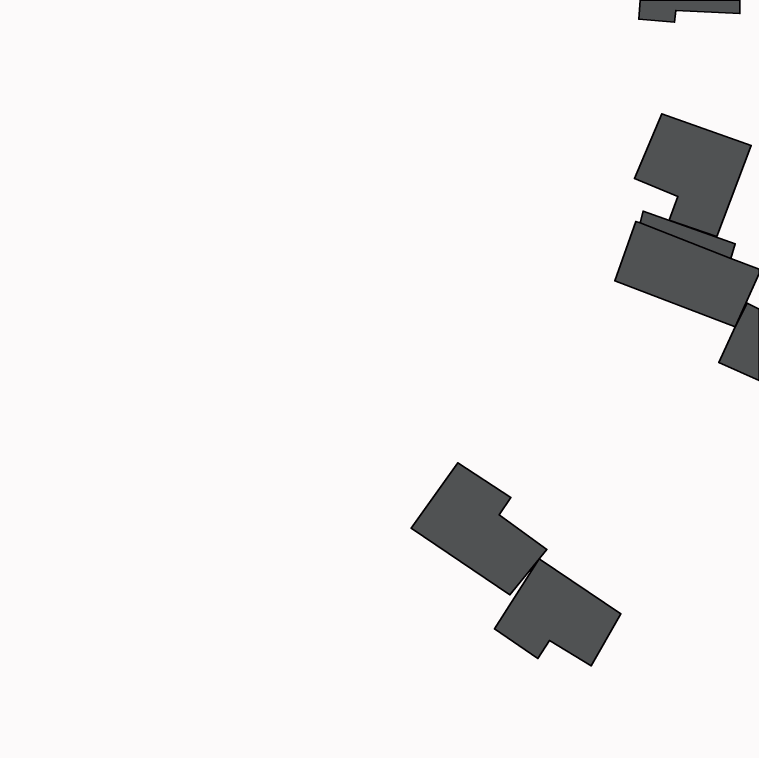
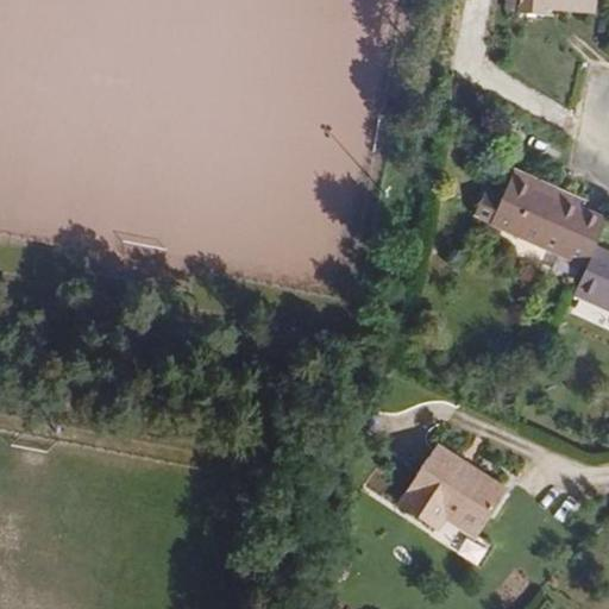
building: [634,114,751,237] -> none
building: [411,463,547,595] -> none

